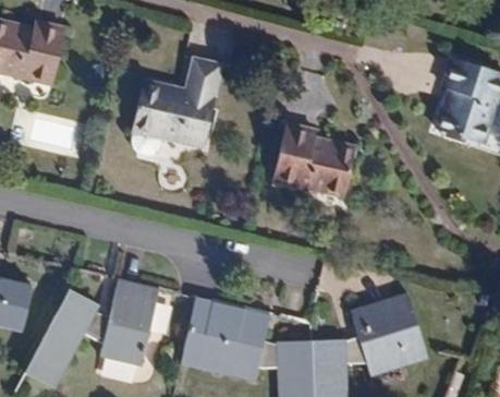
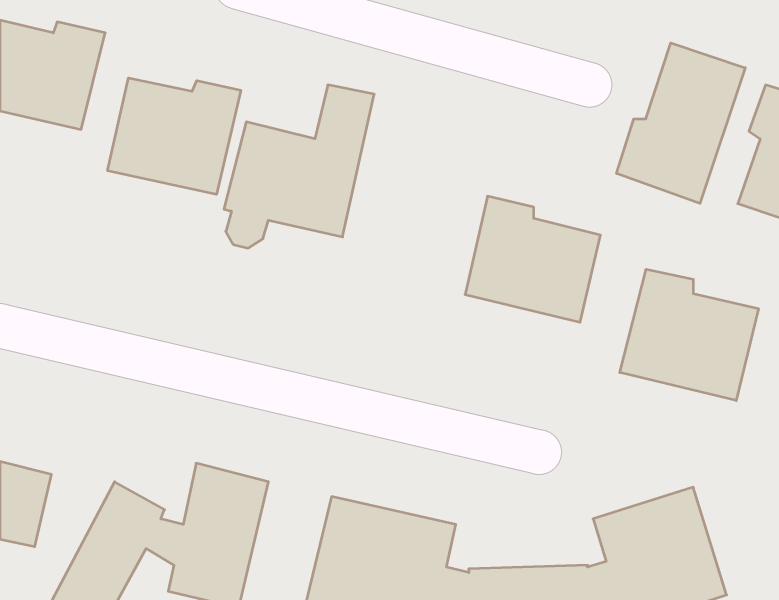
building: none -> [617,43,745,203]
building: none -> [108,78,241,194]
building: none -> [620,269,758,401]

